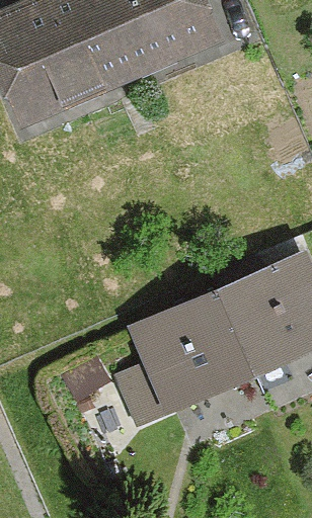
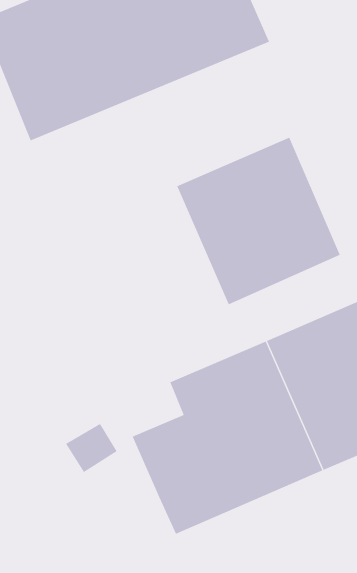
building: none -> [176,137,341,305]

